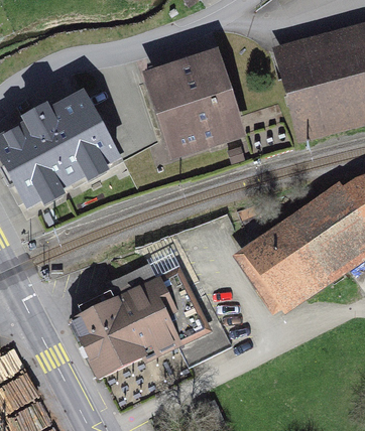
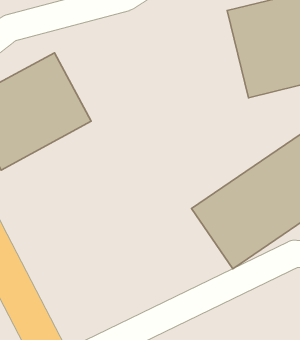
building: [144,47,249,153] -> none
building: [73,262,185,365] -> none

